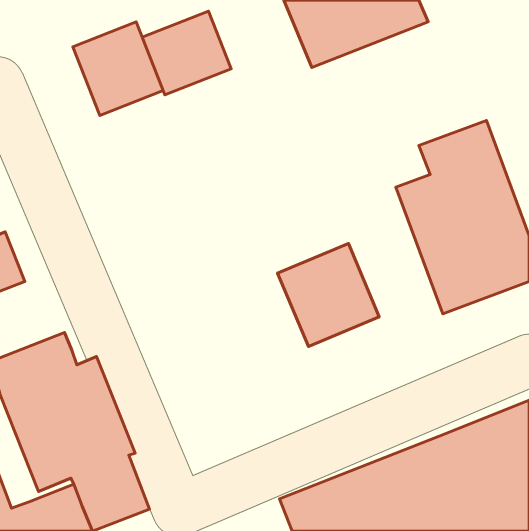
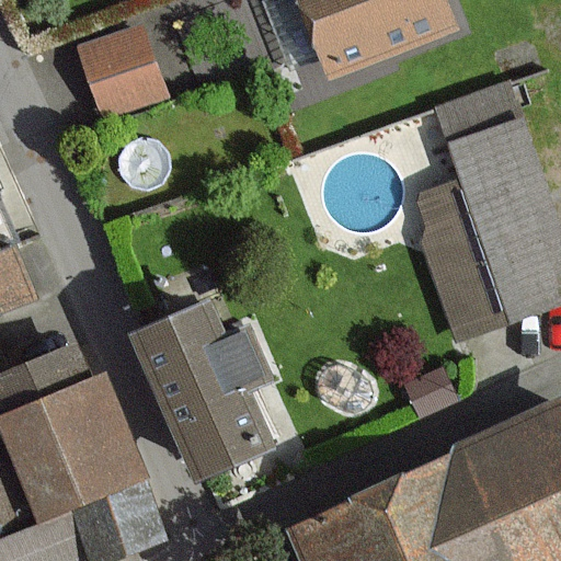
building: [142,11,231,95] -> none
building: [278,243,379,346] -> none
building: none -> [139,308,272,473]

